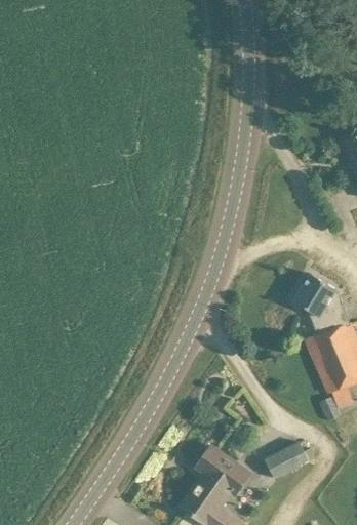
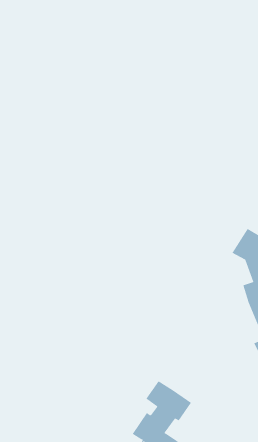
building: [264,443,315,480] -> none

